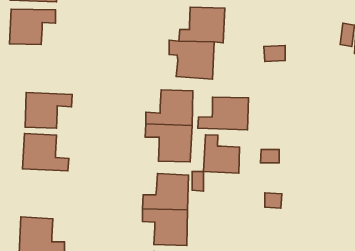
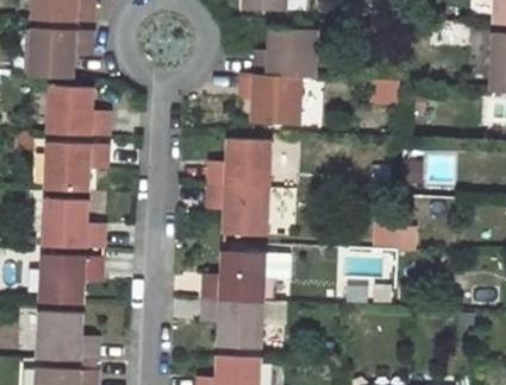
building: none -> [49,87,110,135]
building: [198,97,248,130] -> none
building: [204,135,240,173] -> none
building: none -> [40,255,102,303]

